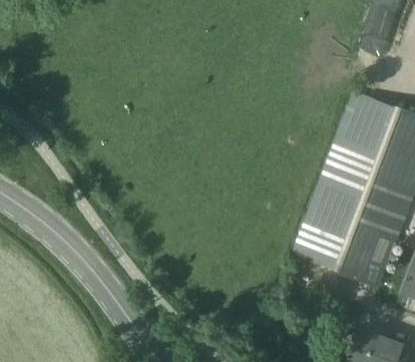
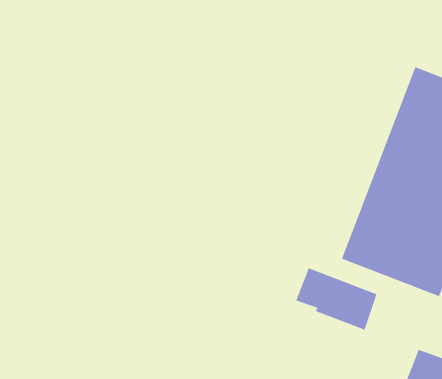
building: none -> [295,267,377,330]

